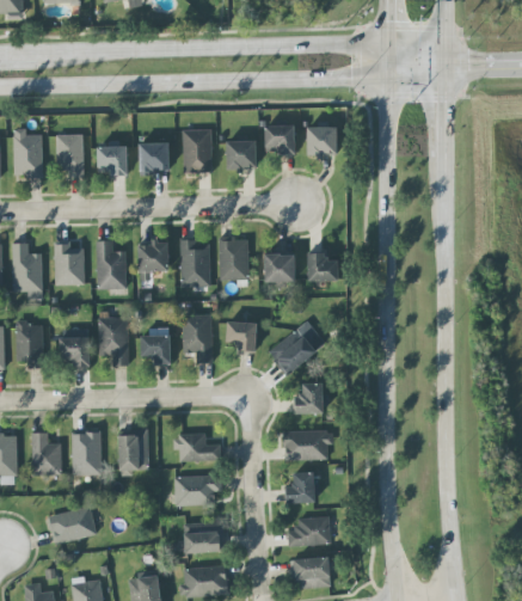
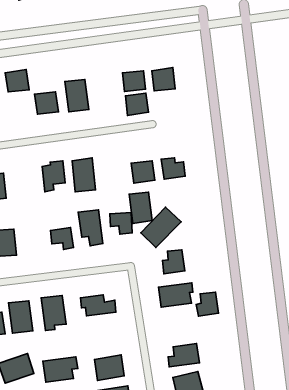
building: [227,140,257,168] -> [126,93,149,115]
building: [97,146,128,174] -> [5,70,29,92]
building: [220,238,248,280] -> [129,192,152,224]
building: [97,240,127,289] -> none
building: [98,317,129,366] -> none
building: [285,472,315,503] -> [196,292,218,316]
building: [174,474,222,505] -> [43,357,78,382]

